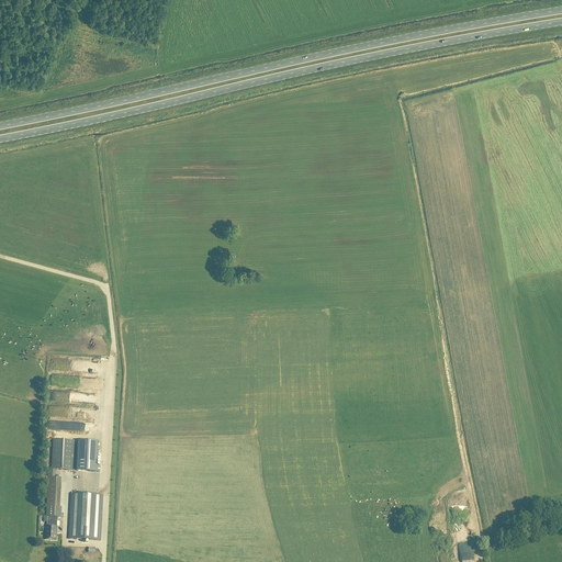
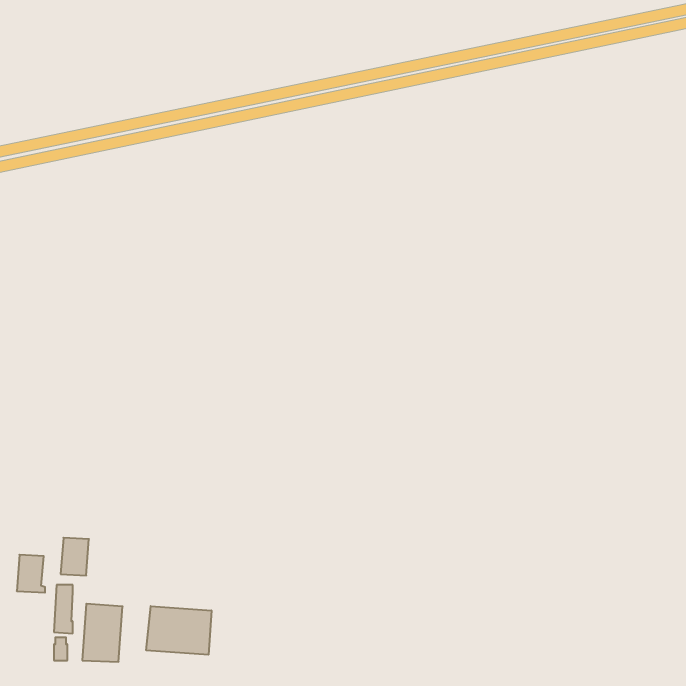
building: [76,439,99,470] -> [17,555,45,593]
building: none -> [146,606,211,655]

